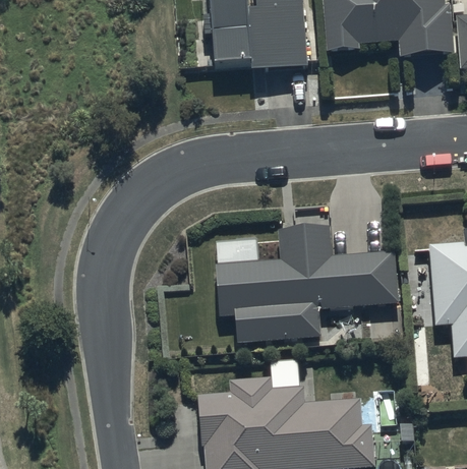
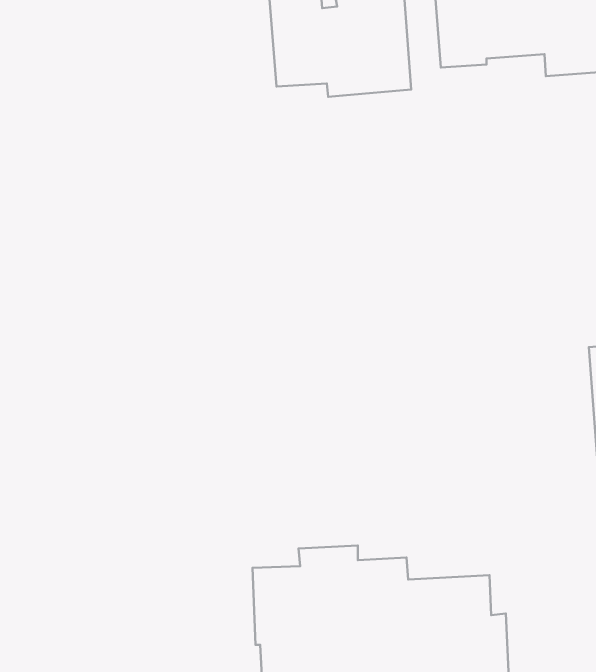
building: [216,227,398,342] -> none

